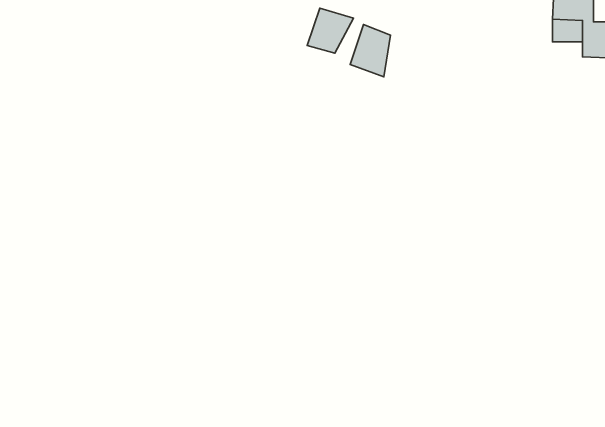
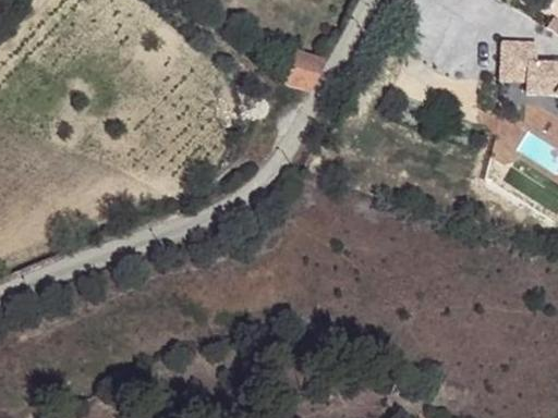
building: [350,24,390,77] -> none

